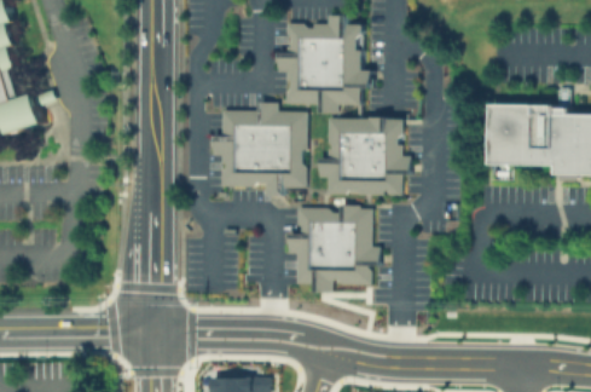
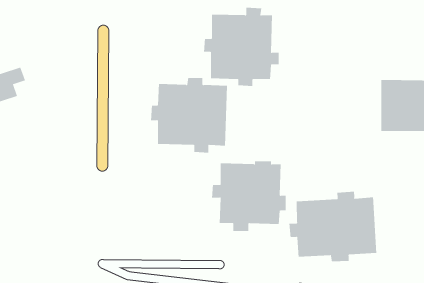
building: [318,117,412,194] -> none
building: none -> [289,191,377,262]

